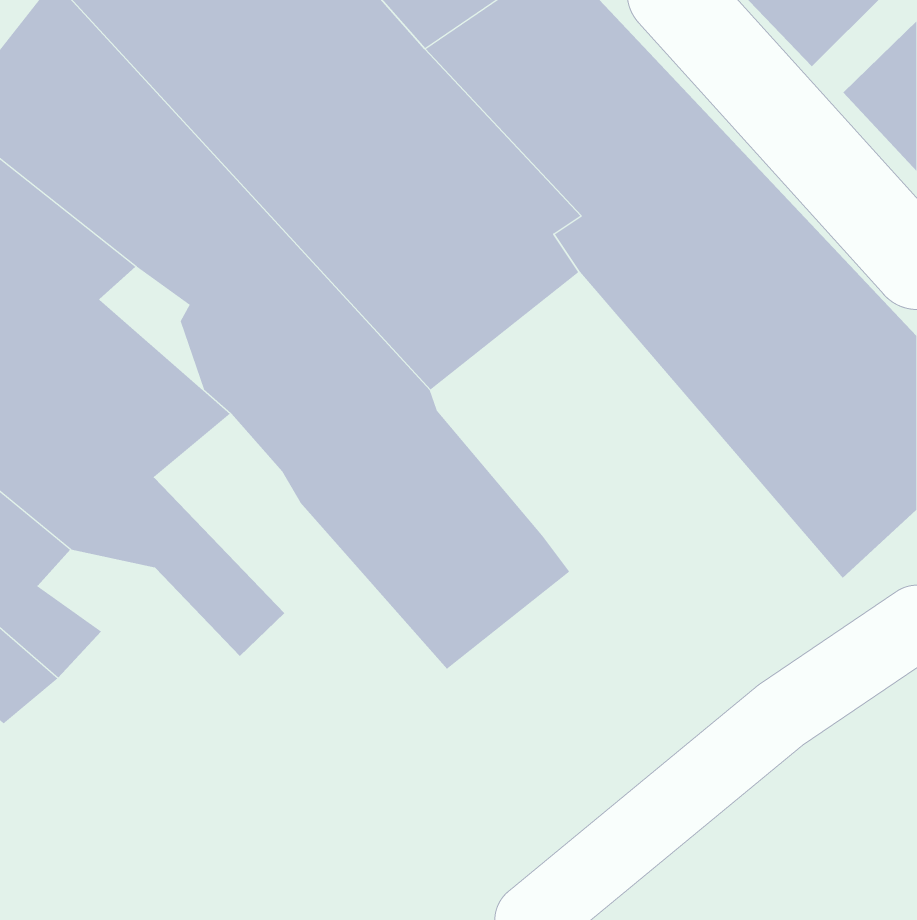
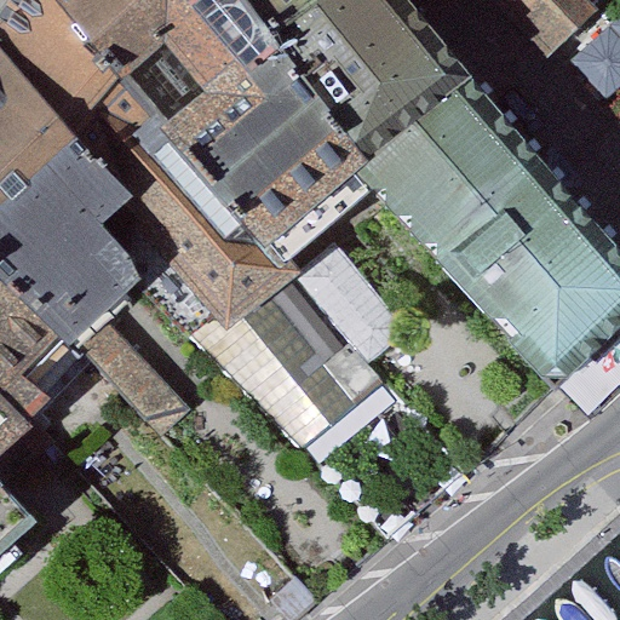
building: none -> [292,243,403,357]

